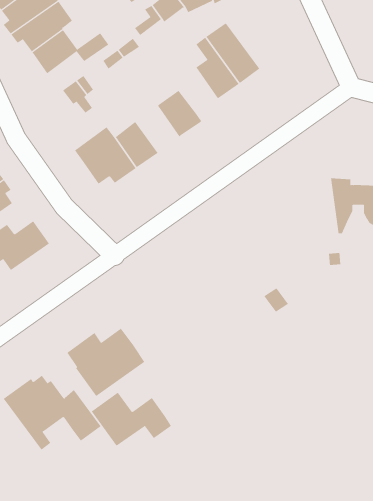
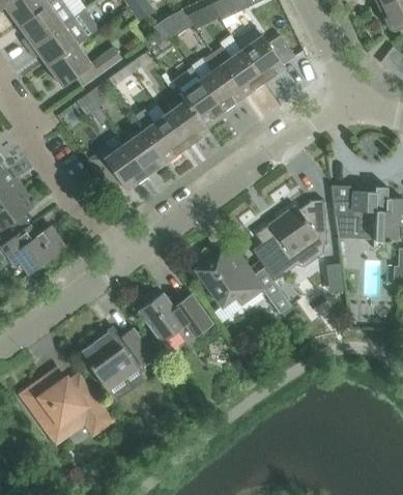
building: none -> [235,26,286,82]
building: none -> [173,67,225,124]
building: none -> [136,109,189,162]
building: none -> [253,200,327,280]
building: none -> [196,249,265,308]
building: [91,392,172,446] -> [138,292,214,344]

